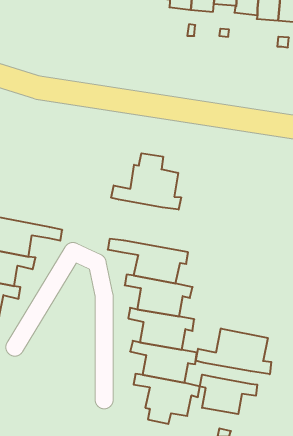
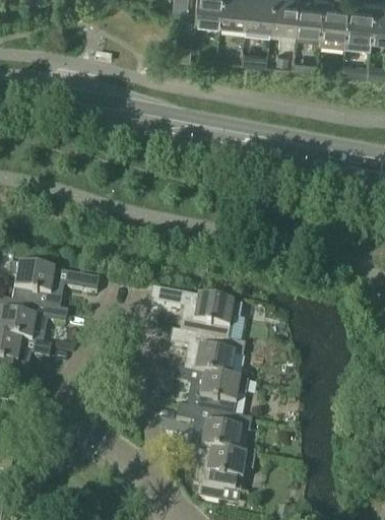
building: [111,153,181,210] -> none
building: [196,328,271,374] -> none
building: [200,375,257,414] -> none

